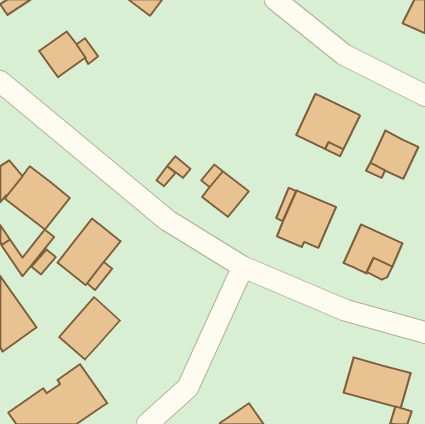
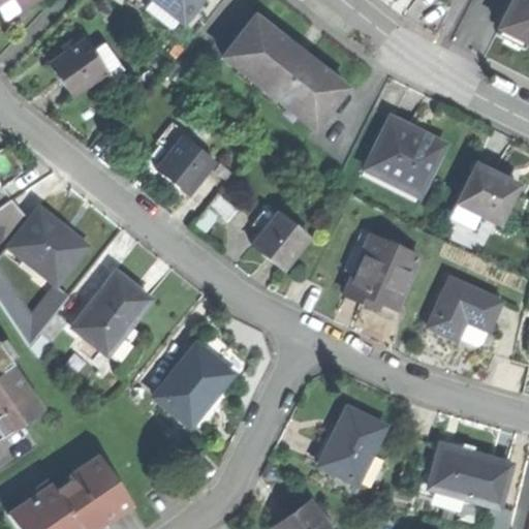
building: none -> [224,13,348,127]
building: none -> [156,134,215,194]
building: [59,297,120,360] -> [157,345,232,423]
building: none -> [318,408,383,483]

